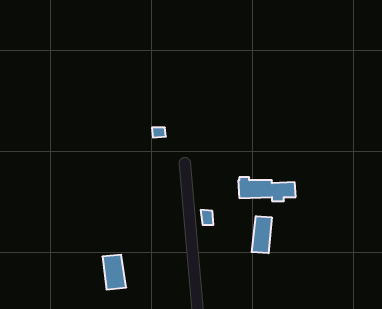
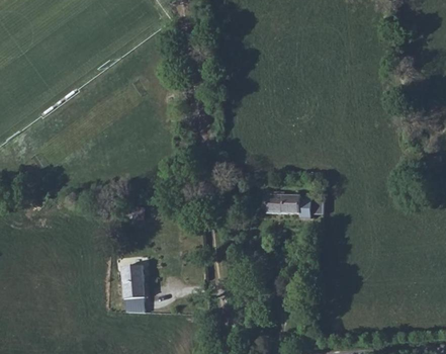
building: [252,216,272,253] -> none

